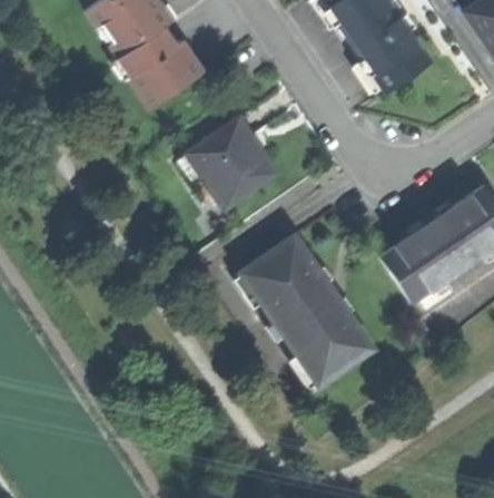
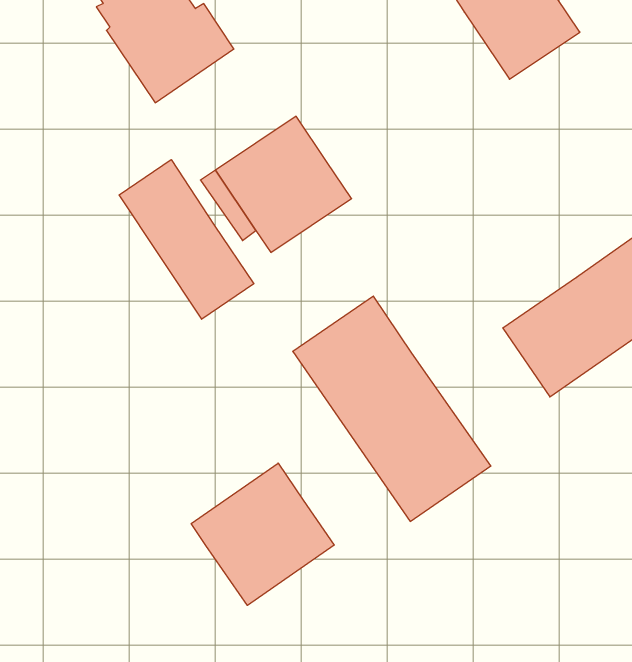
building: none -> [119,160,254,319]
building: none -> [191,463,334,605]

